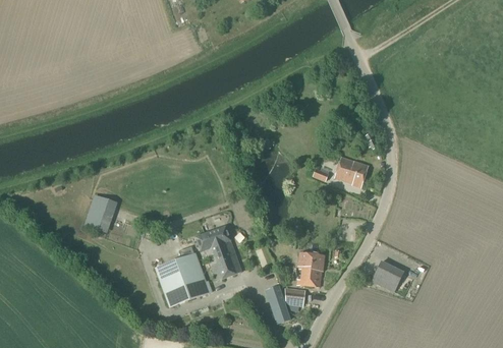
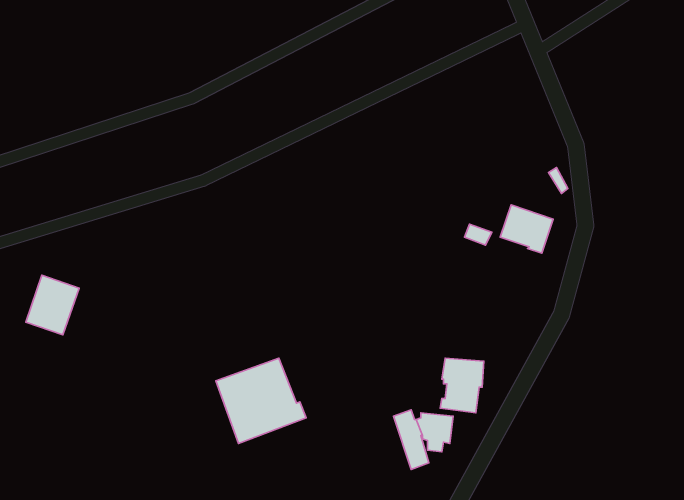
building: [85,194,118,232] -> [26,275,79,335]
building: [195,226,242,280] -> none
building: [373,262,403,291] -> none

